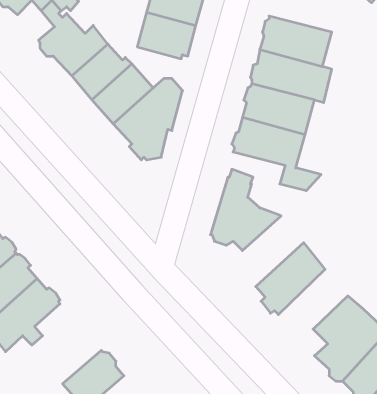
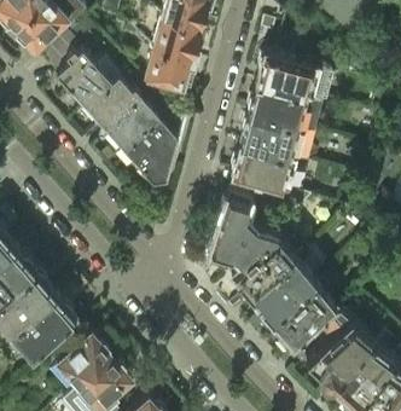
building: none -> [231,235,295,299]
building: none -> [272,277,338,347]
building: none -> [56,332,111,387]

